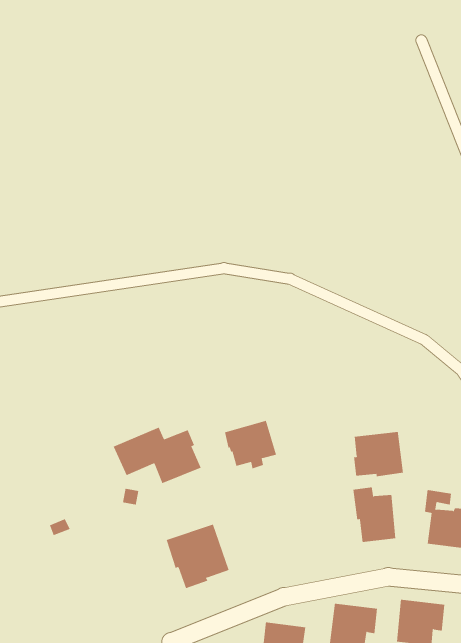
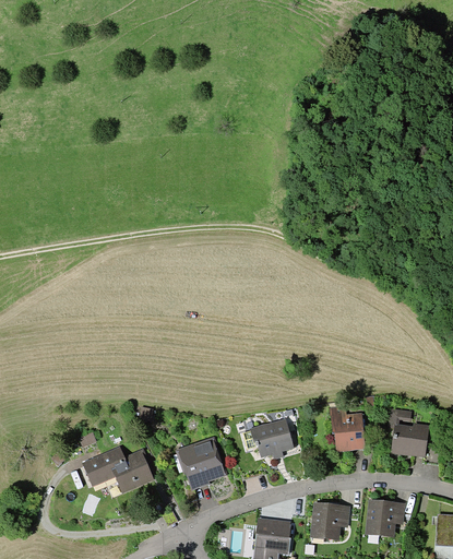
building: [224,420,277,469] -> [250,419,294,460]
building: [113,427,202,484] -> [81,447,154,493]
building: [354,431,404,477] -> none

